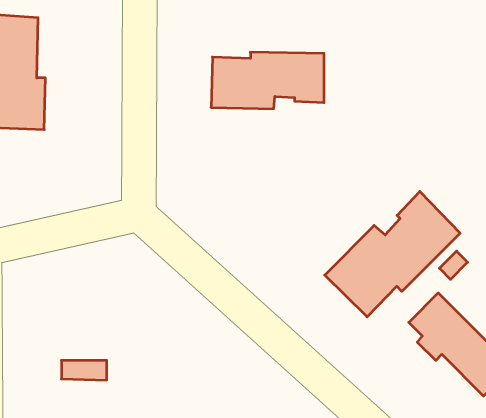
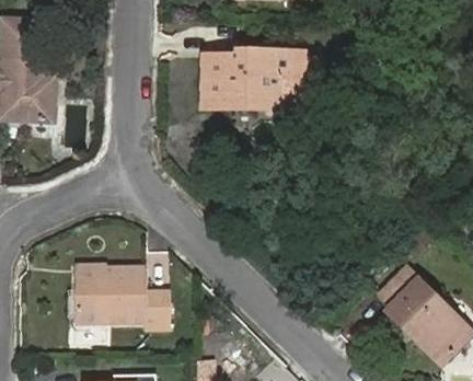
building: [325,191,460,317] -> none
building: none -> [73,268,172,330]

